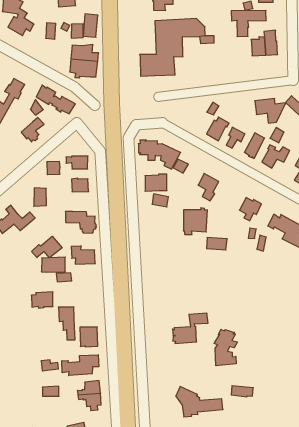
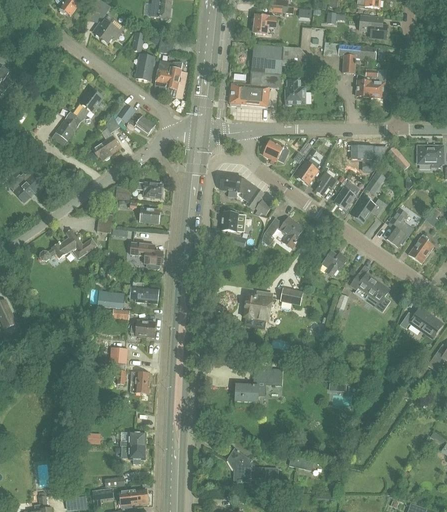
building: [83,14,98,37] -> [135,53,154,80]
building: none -> [285,79,304,104]
building: none -> [262,138,288,161]
building: [183,208,207,234] -> [242,293,271,321]
building: [32,236,62,258] -> none
building: [31,292,53,308] -> [130,319,155,336]
building: [214,329,237,366] -> none
building: [62,355,99,376] -> none

